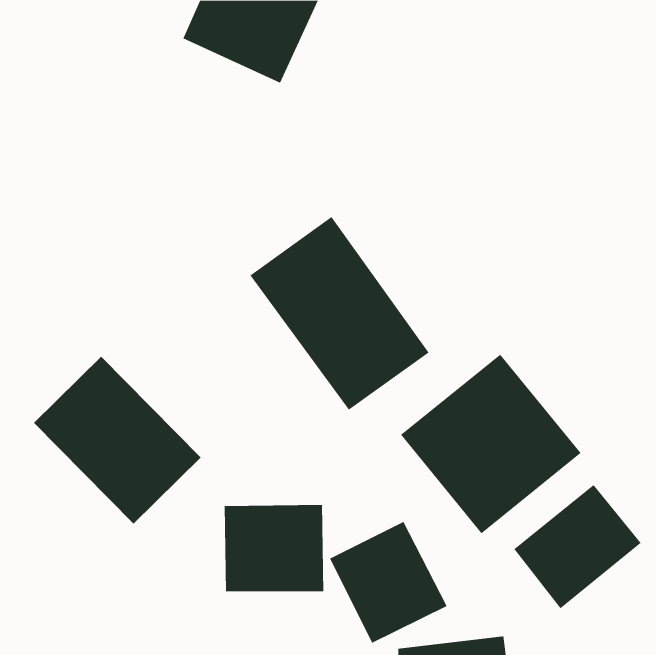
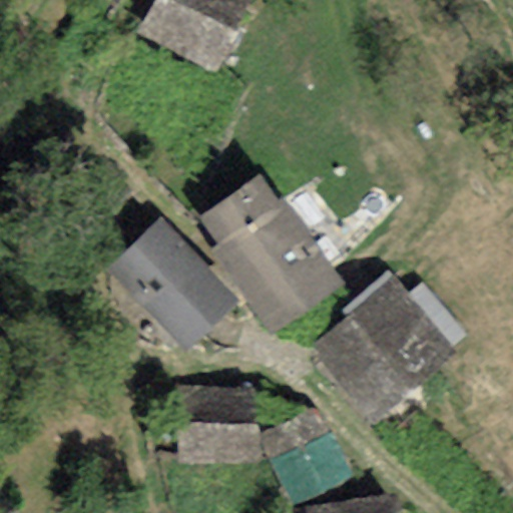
building: [33,356,202,524] -> [108,217,239,349]
building: [513,484,641,609] -> none

